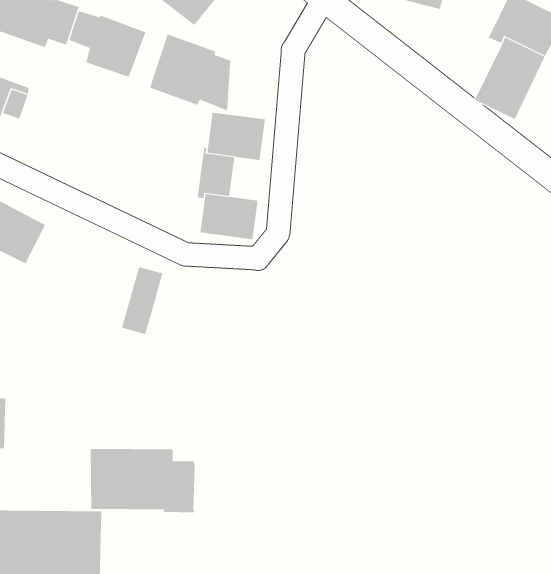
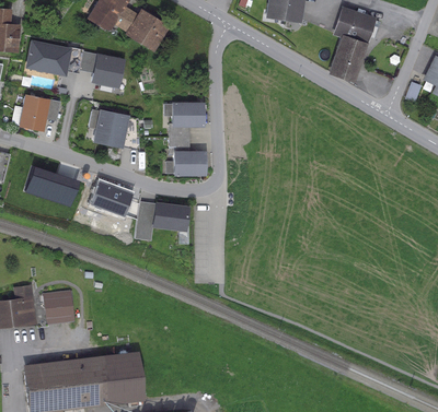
building: [149,34,231,111] -> [92,108,141,150]
building: none -> [92,181,135,217]
building: none -> [152,201,189,231]
building: [90,448,195,513] -> none

